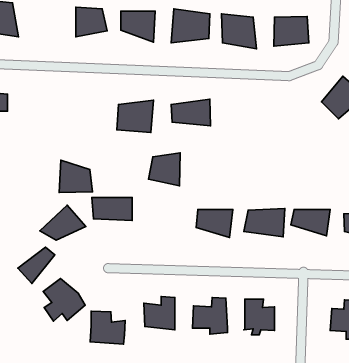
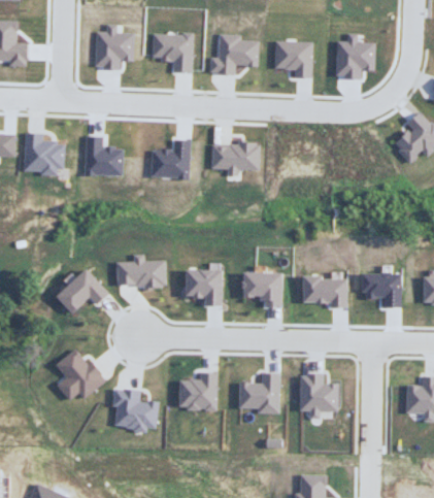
building: none -> [20,133,64,174]
building: [149,153,180,186] -> [182,262,221,302]
building: [59,160,92,193] -> [82,134,123,173]
building: [18,247,55,283] -> none

